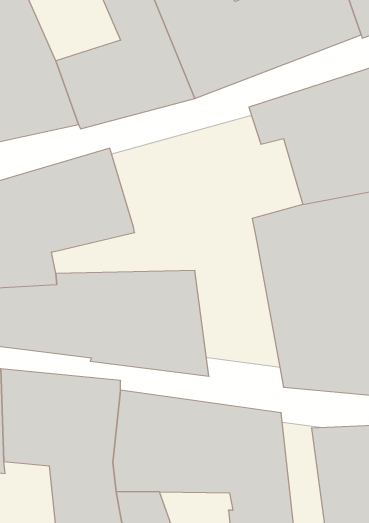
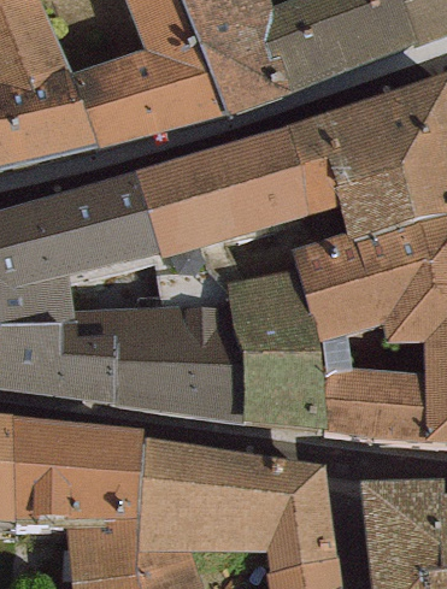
building: none -> [133,125,340,259]
building: none -> [225,273,327,437]

